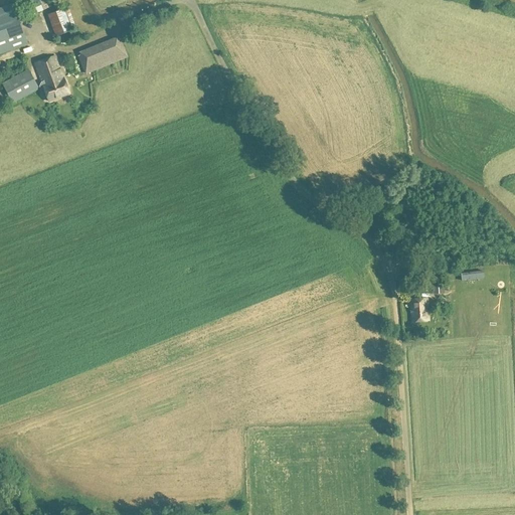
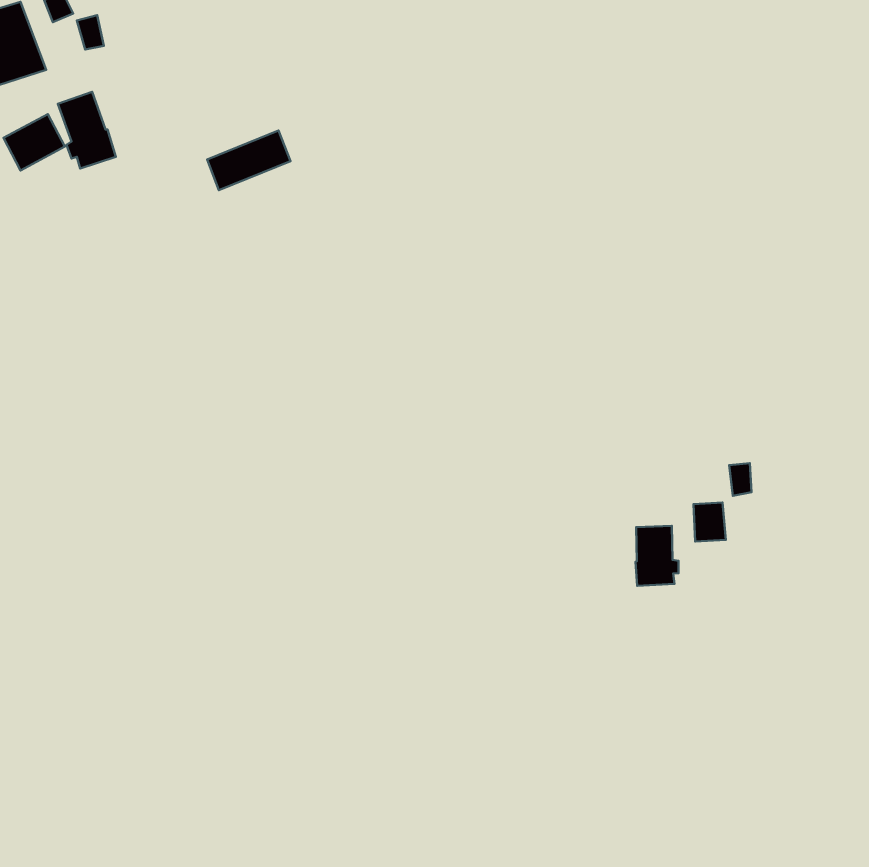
building: [77,37,127,72] -> [207,130,291,190]
building: none -> [635,526,679,586]

